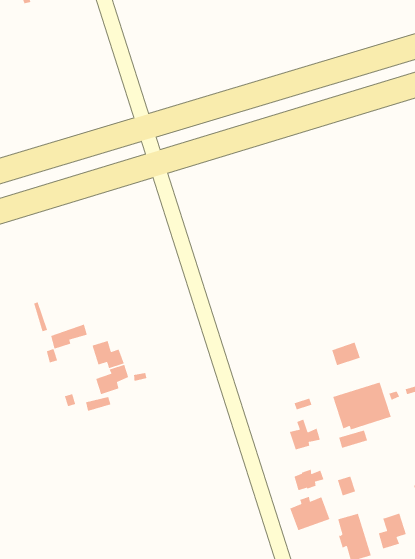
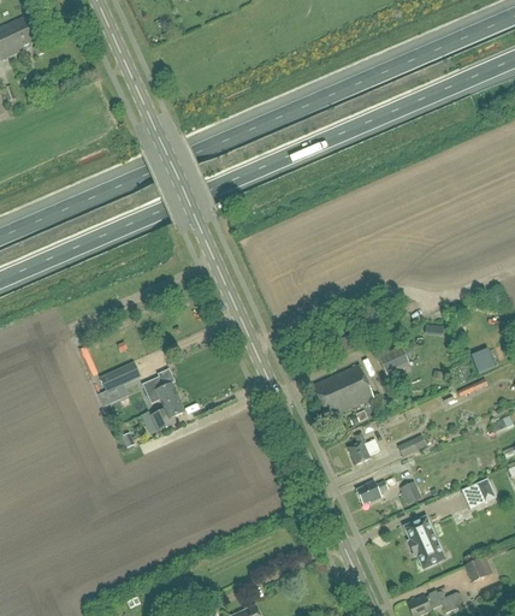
building: [332,381,392,430] -> [312,363,373,415]
building: [289,496,331,531] -> none
building: [378,513,407,550] -> none

